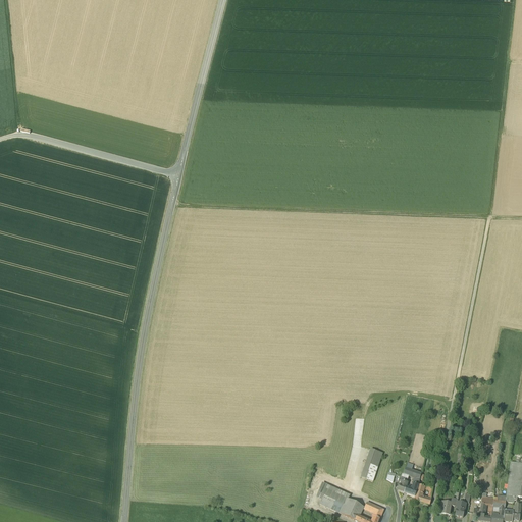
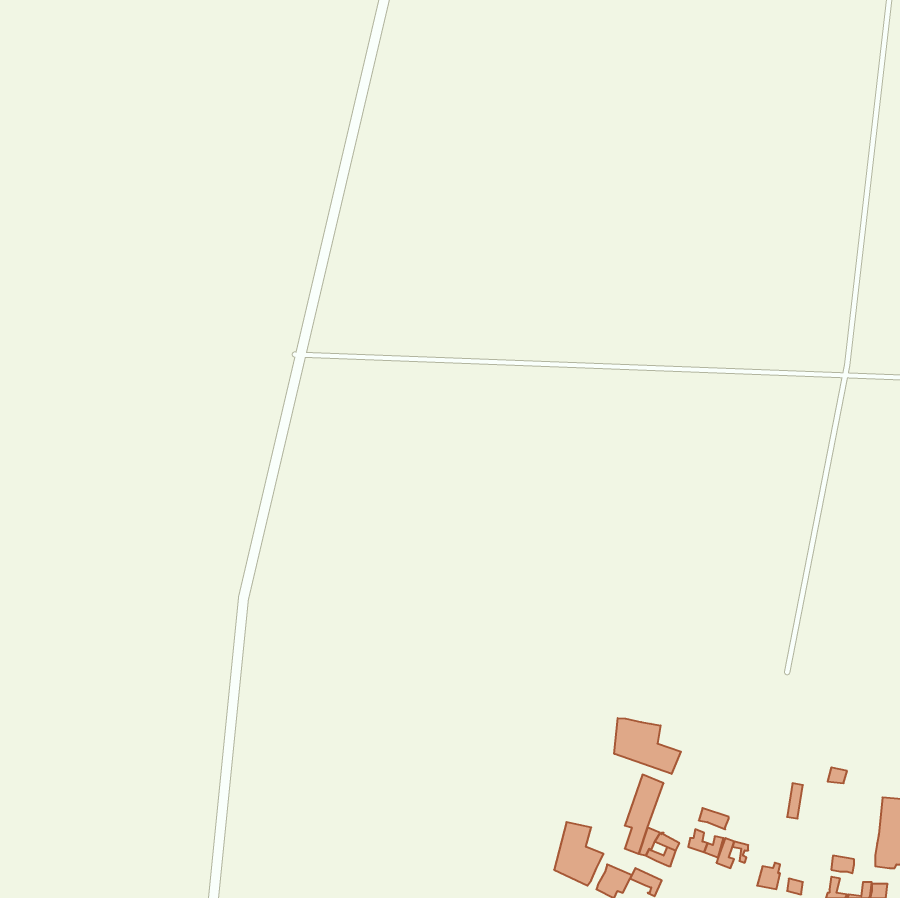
building: none -> [614,718,681,774]

